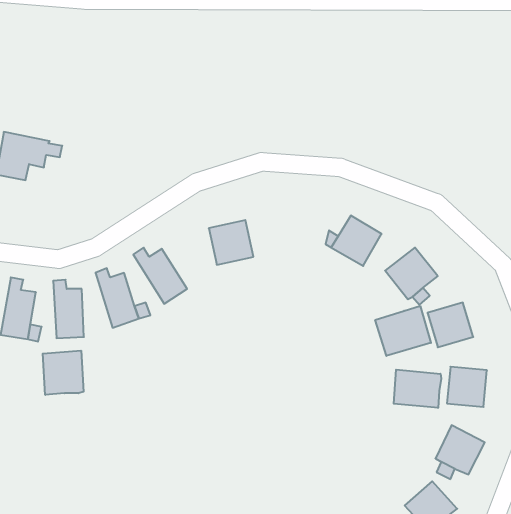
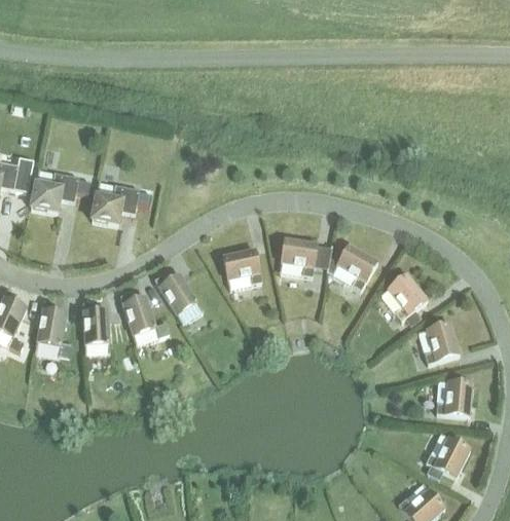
building: none -> [90,181,151,224]
building: none -> [279,237,317,275]
building: [375,306,431,356] -> none
building: [43,351,84,395] -> none
building: [394,370,441,408] -> none

